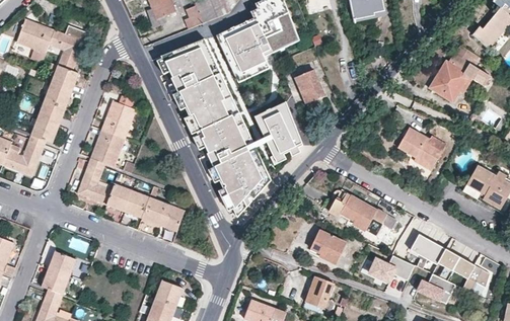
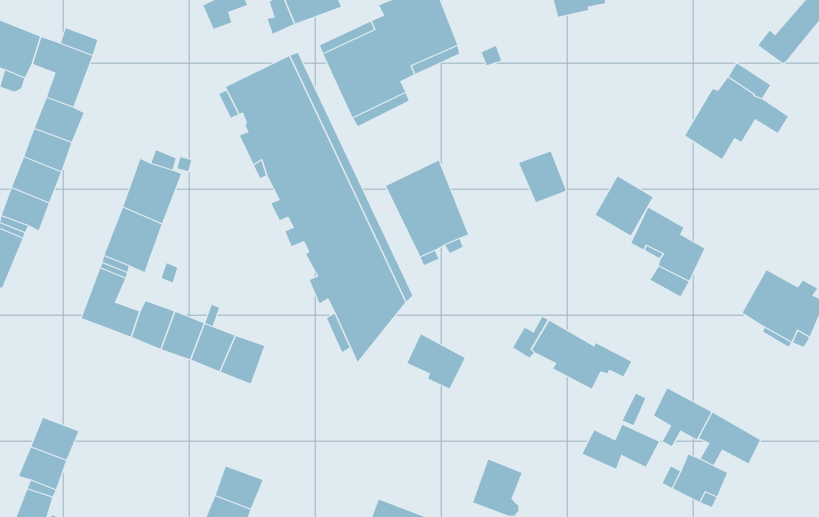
building: [295,71,323,101] -> [518,151,567,203]
building: none -> [595,175,654,237]
building: [310,230,345,262] -> [407,334,466,389]
building: [461,264,489,292] -> none

